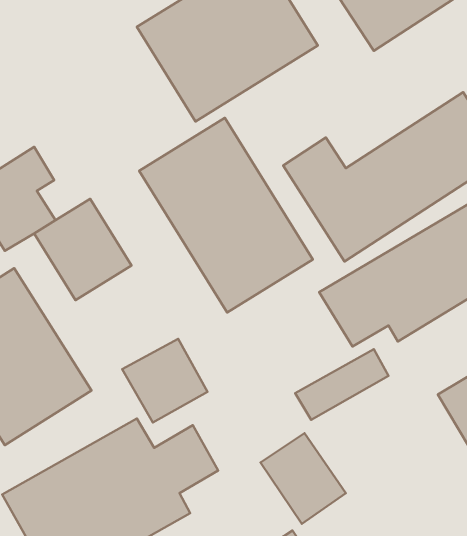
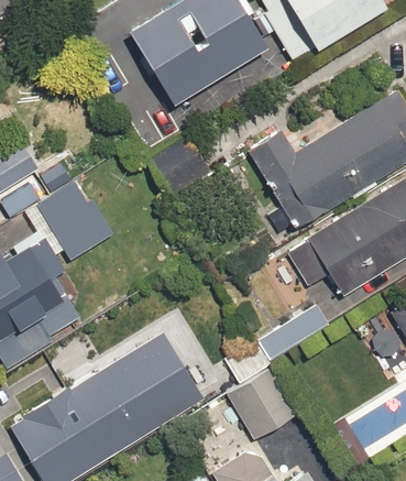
building: [139,118,313,313] -> none

